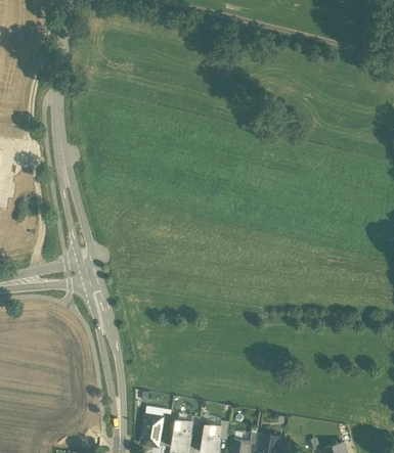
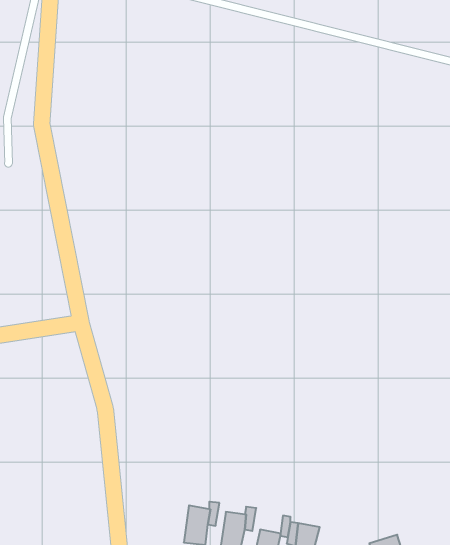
building: [140,414,162,446] -> none

